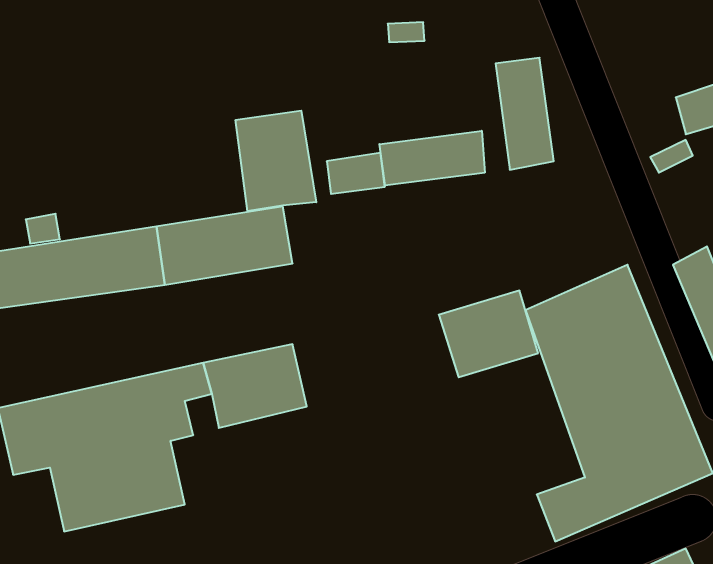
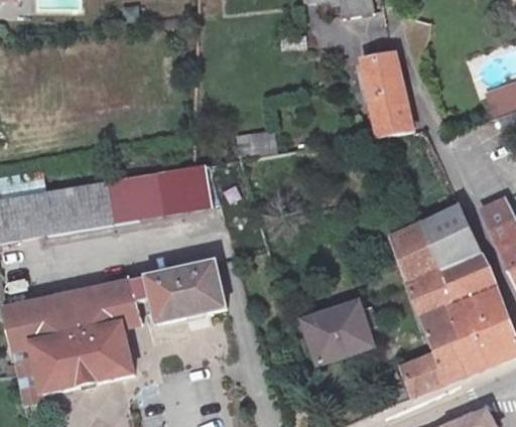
building: [236,111,316,211] -> none
building: [379,131,485,186] -> none
building: [439,291,538,377] -> [304,301,375,363]
building: none -> [14,350,50,403]

